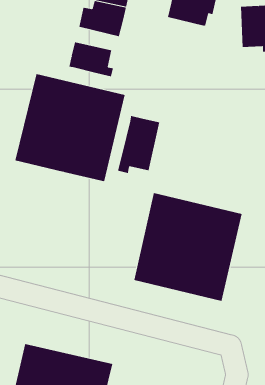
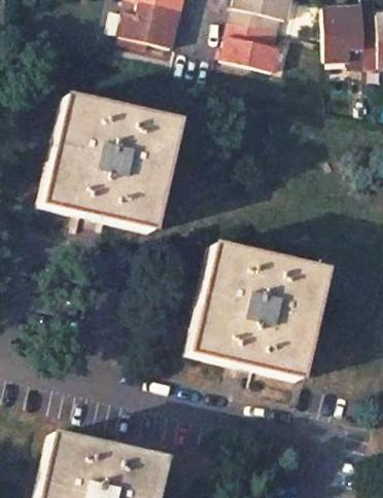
building: none -> [227,22,285,71]
building: [69,42,113,77] -> none
building: [118,115,160,174] -> none

